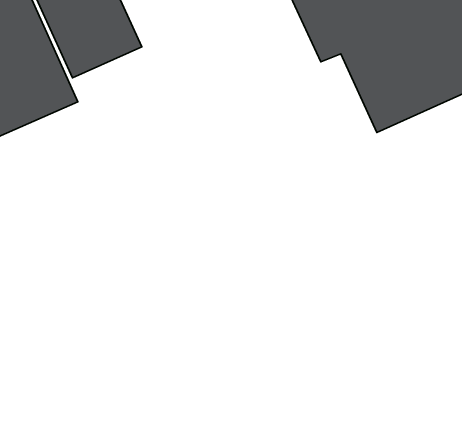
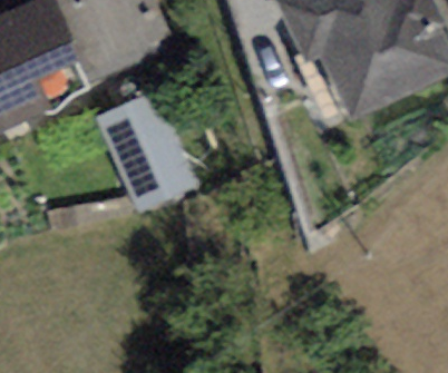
building: none -> [98,92,199,214]

